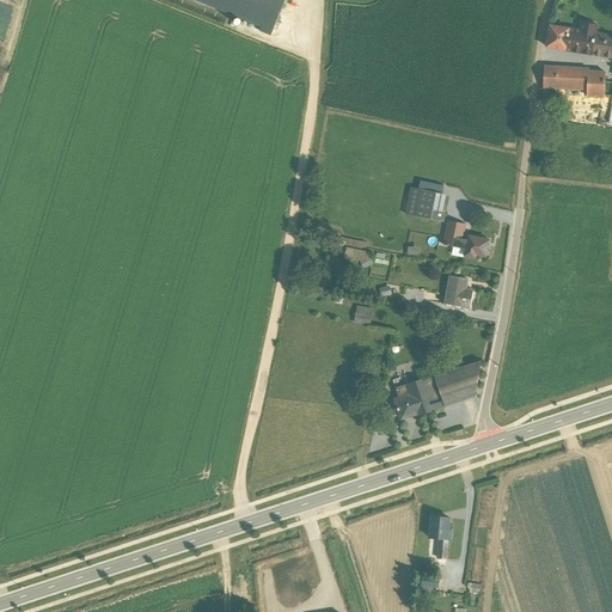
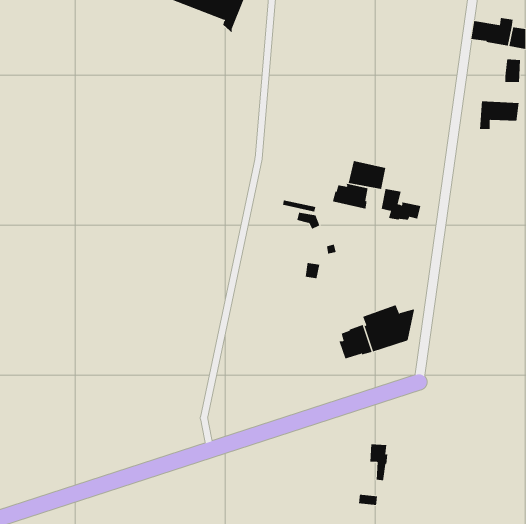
building: [541,65,588,98] -> [479,101,519,130]
building: none -> [332,183,368,209]
building: [443,274,472,307] -> none

